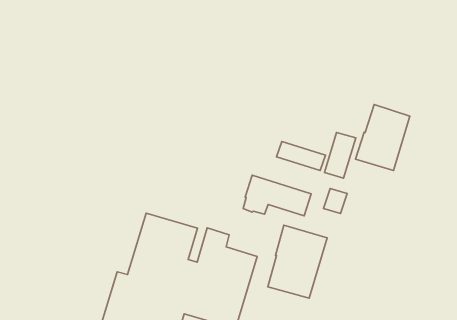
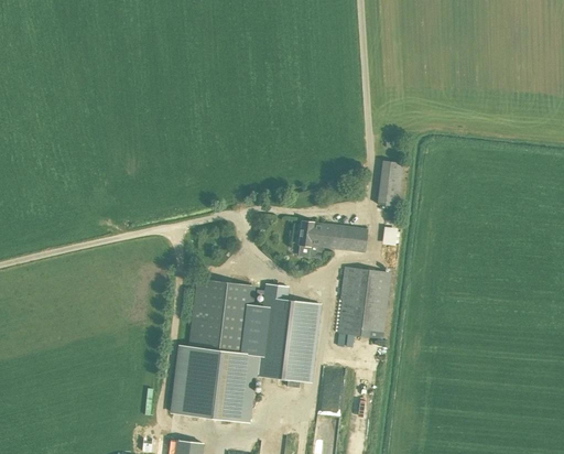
building: [356,105,410,171] -> none
building: [277,142,325,170] -> none

